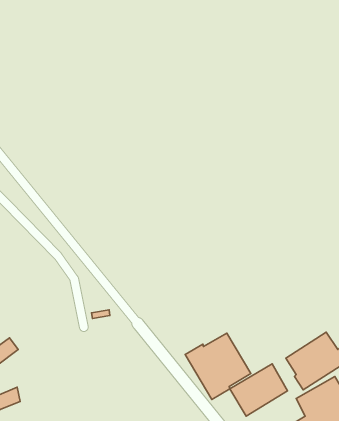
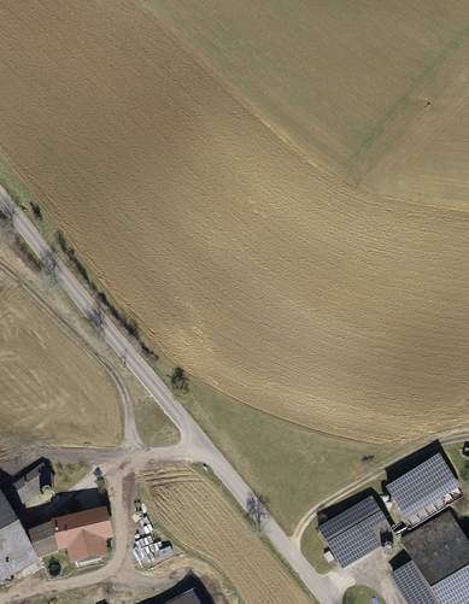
building: [185,333,251,399] -> none
building: none -> [52,514,111,559]

